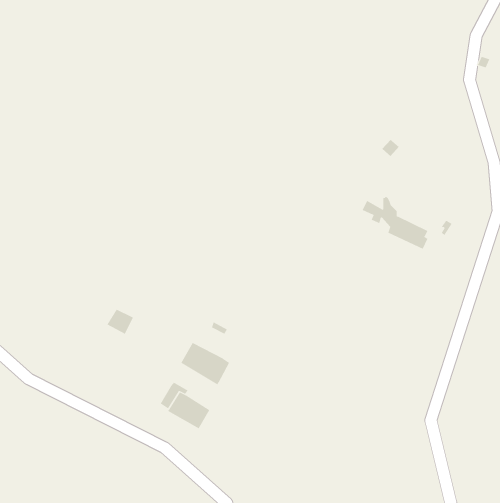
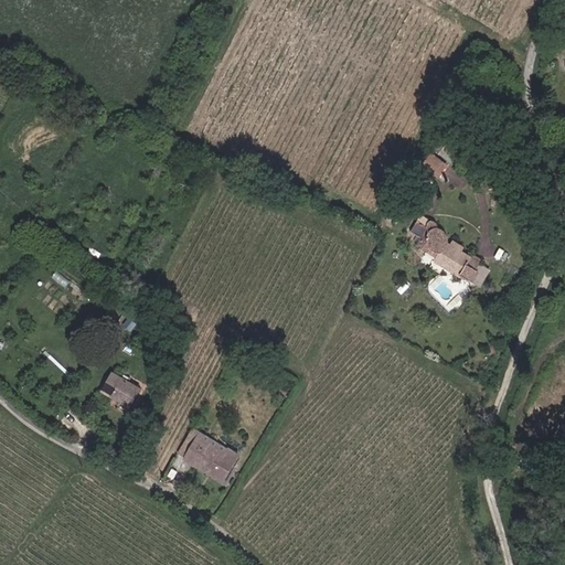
building: [106,309,134,334] -> [110,377,141,406]
building: [180,342,230,385] -> none

